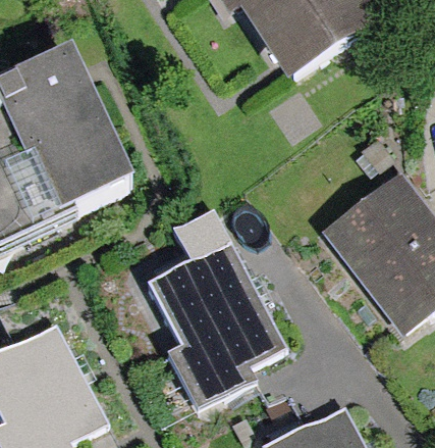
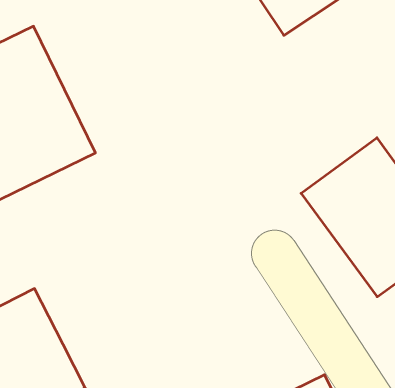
building: [151,245,283,410] -> none

